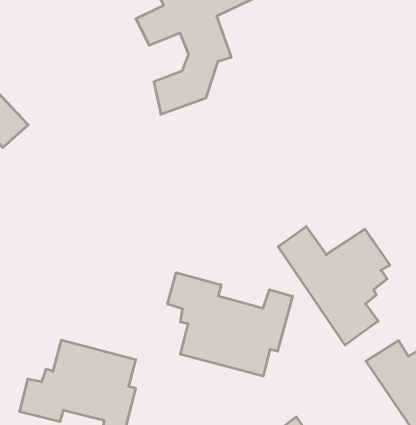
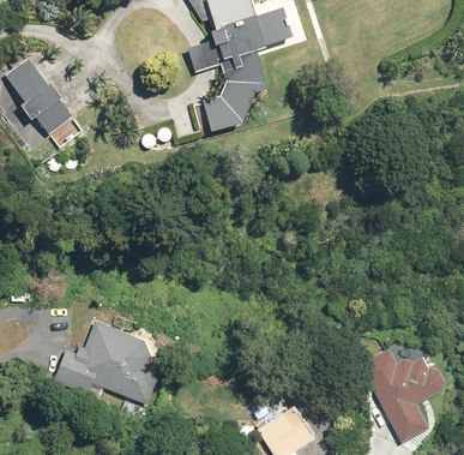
building: [278,226,390,345] -> none
building: [168,273,293,376] -> none

